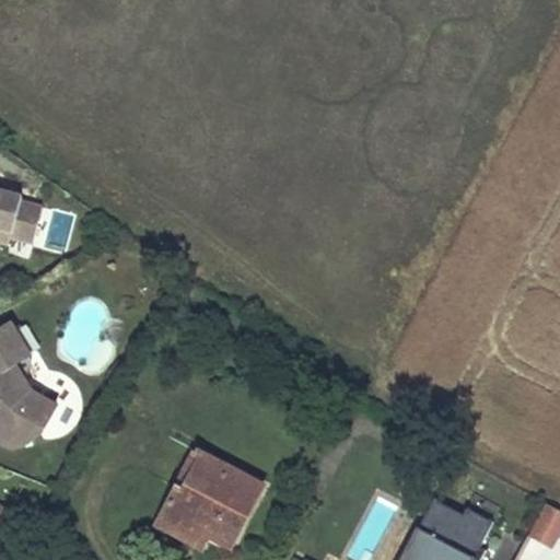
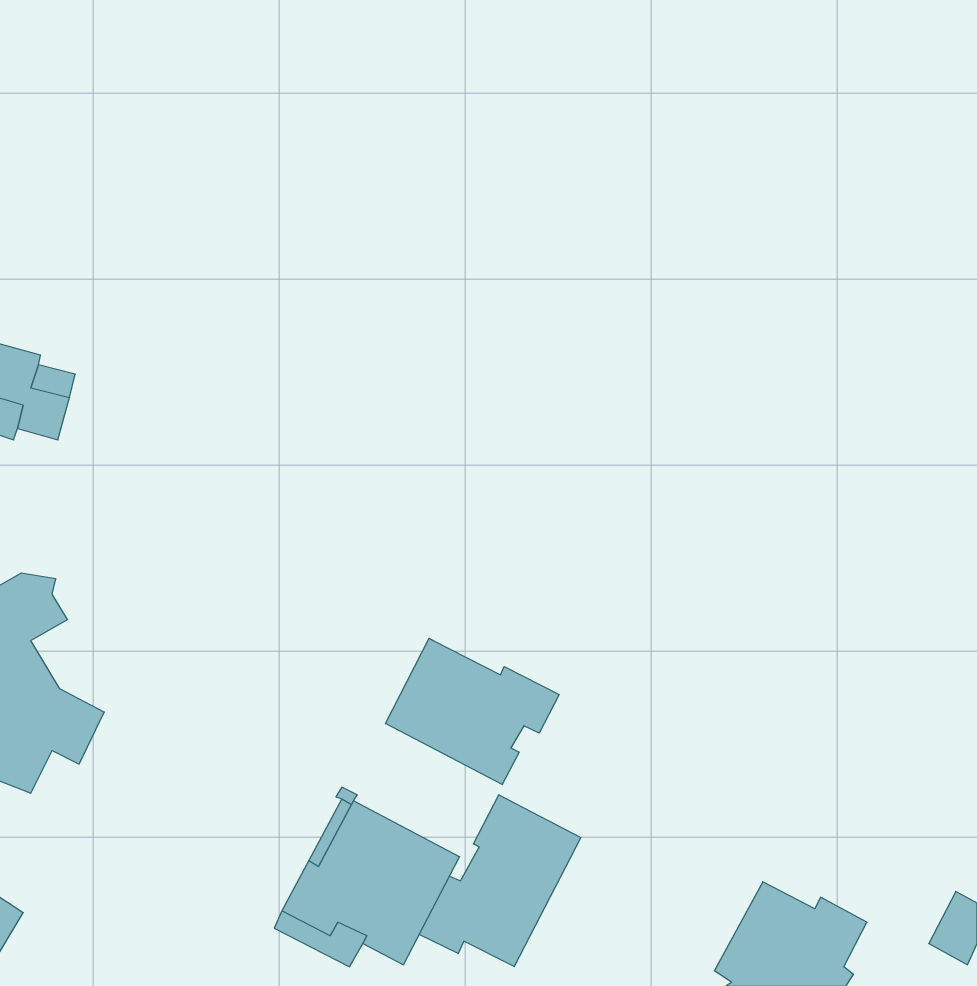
building: none -> [385,638,559,785]
building: none -> [419,795,581,967]

